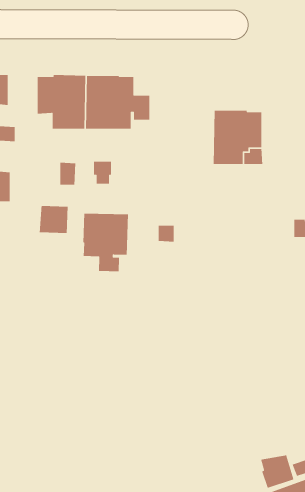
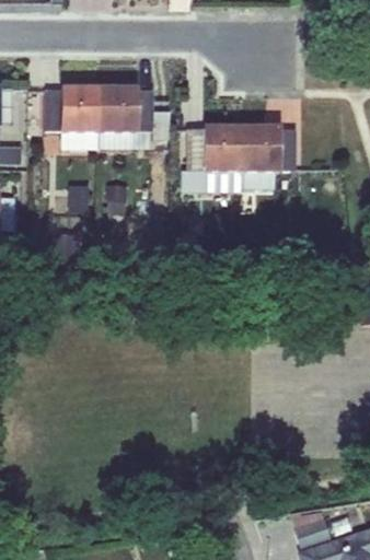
building: none -> [181,126,242,188]
building: [83,213,129,272] -> none

